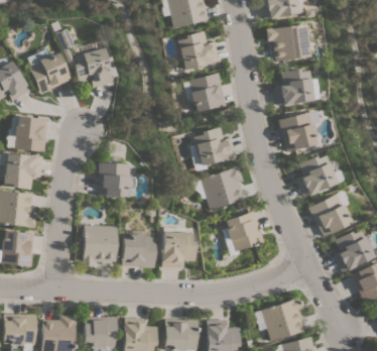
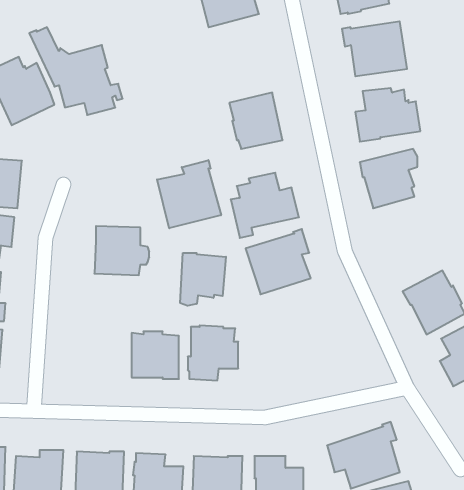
building: [178,31,221,70] -> none
building: none -> [157,160,221,228]
building: [295,155,337,197] -> none
building: none -> [180,253,226,306]
building: [226,211,265,252] -> none
building: [83,225,118,266] -> none

